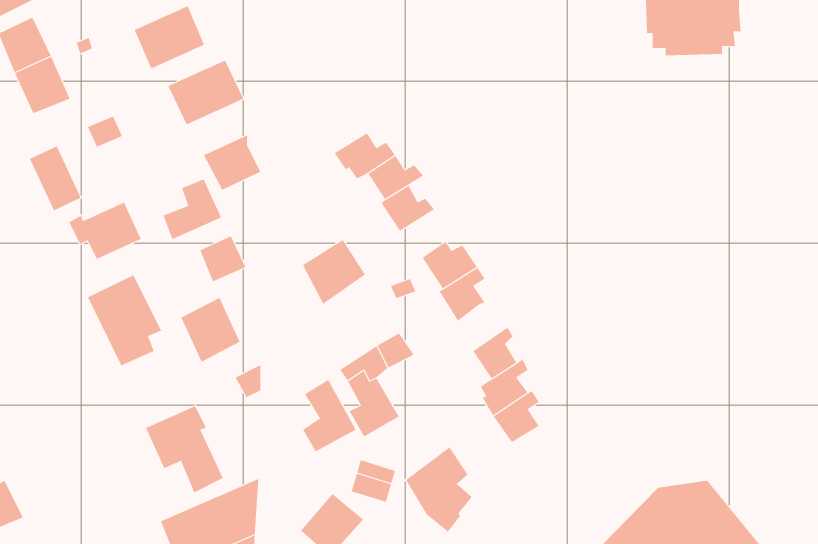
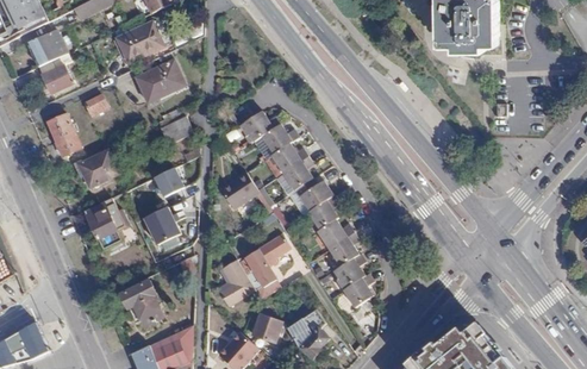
building: [163,178,222,240] -> none
building: none -> [281,154,311,186]
building: none -> [316,214,350,244]

